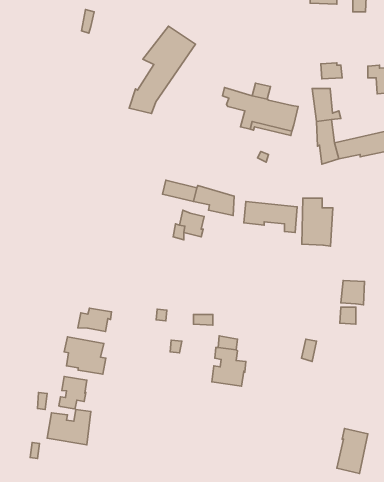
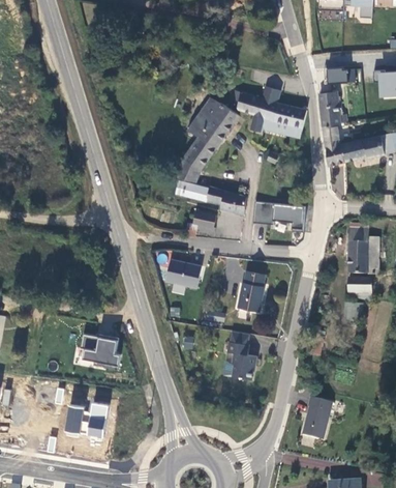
building: [129,26,195,114] -> [173,97,237,182]
building: [302,198,333,246] -> [349,228,379,275]
building: none -> [165,259,202,288]
building: none -> [237,269,264,310]
building: [78,308,111,332] -> none
building: [59,377,87,409] -> none
building: [337,429,368,473] -> [301,397,331,440]

